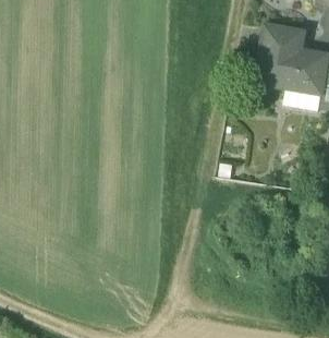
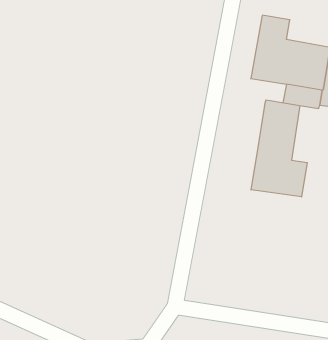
building: none -> [251,100,307,197]

